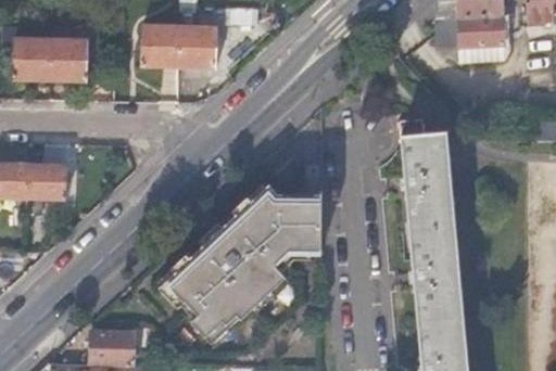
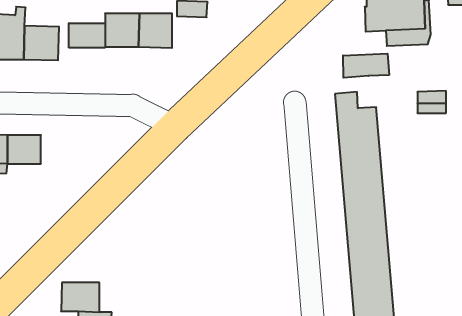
building: none -> [69,23,105,48]
building: none -> [343,54,389,78]
building: [159,190,320,347] -> none

